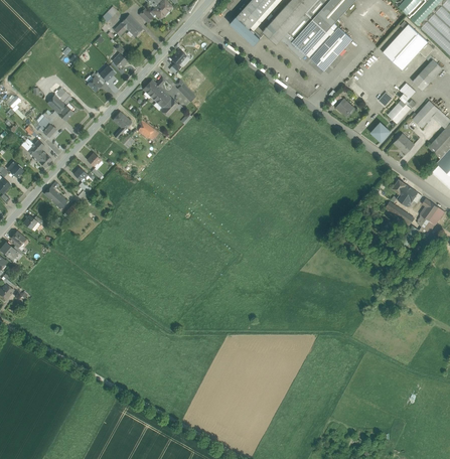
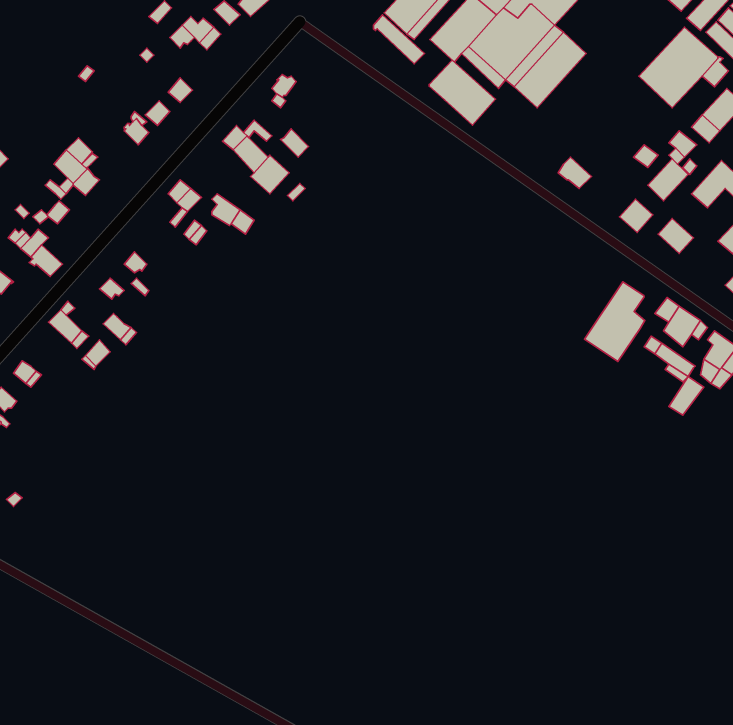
building: none -> [429,60,495,125]
building: none -> [584,282,645,361]

